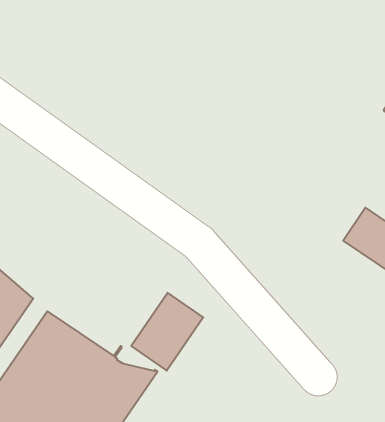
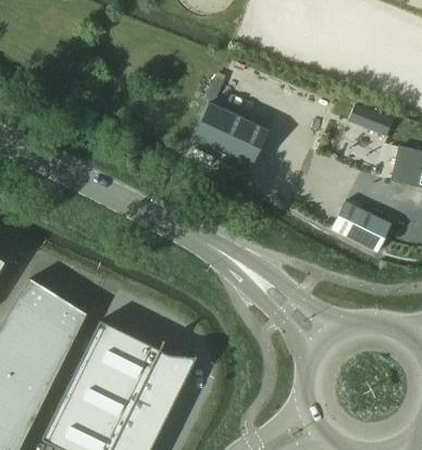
building: none -> [190,102,268,166]
building: [131,293,203,371] -> none

